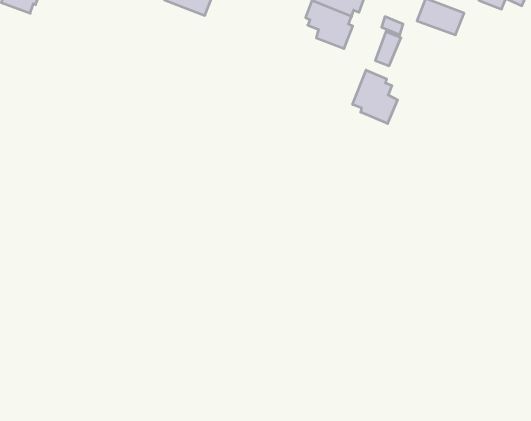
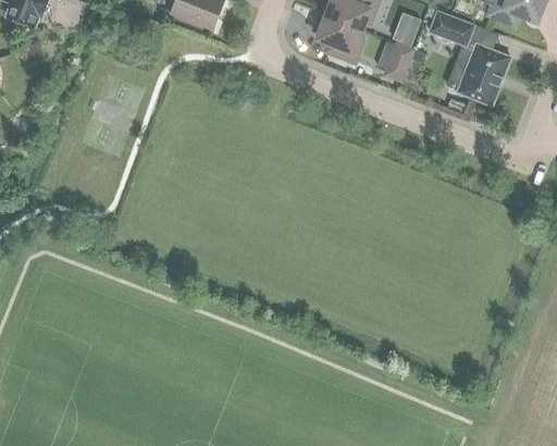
building: none -> [457,42,510,104]
building: [353,70,398,124] -> none

